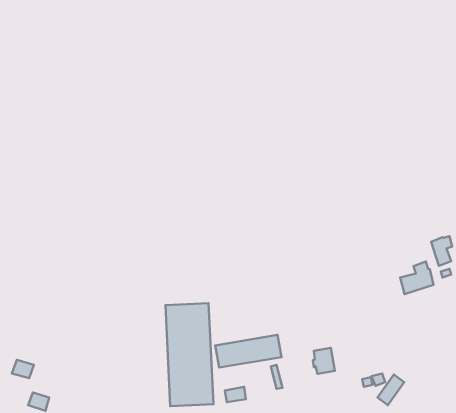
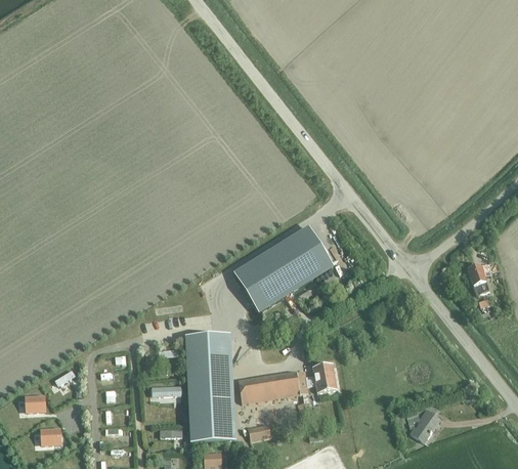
building: none -> [234,225,333,310]
building: [400,262,433,294] -> none
building: [313,348,335,374] -> [312,363,336,390]

